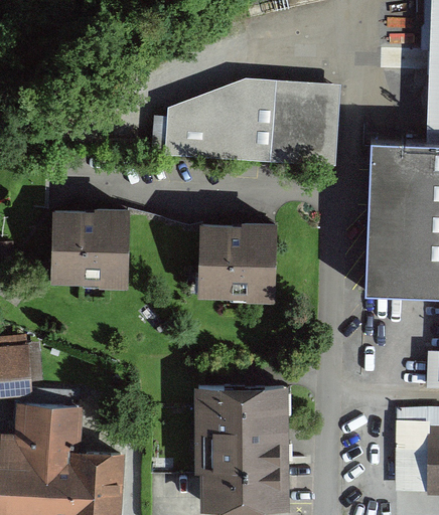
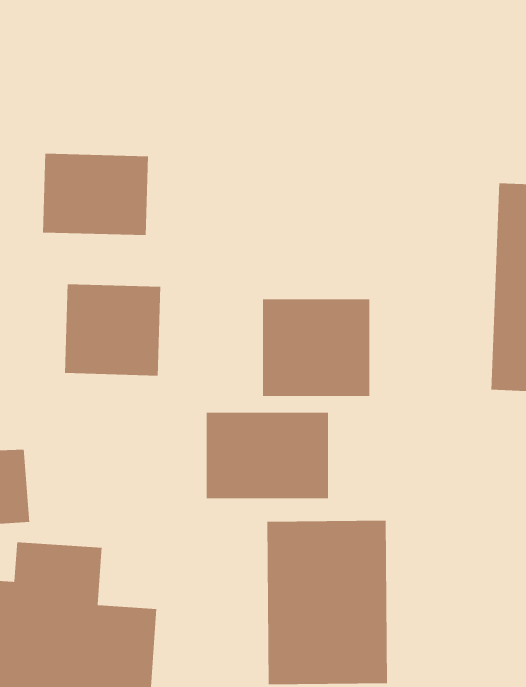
building: [163,79,339,168] -> none
building: none -> [42,153,149,236]
building: none -> [206,412,329,499]

